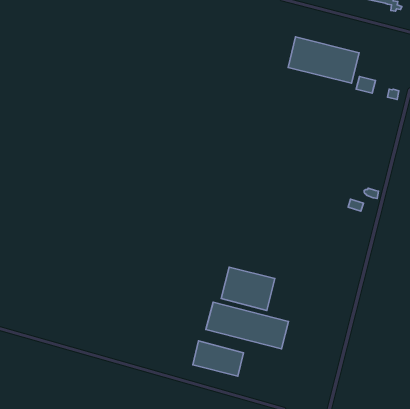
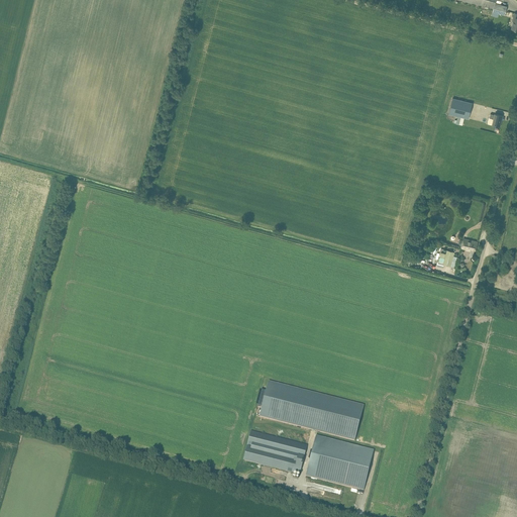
building: [288,37,359,83] -> none
building: [221,267,275,311] -> [305,434,373,489]

